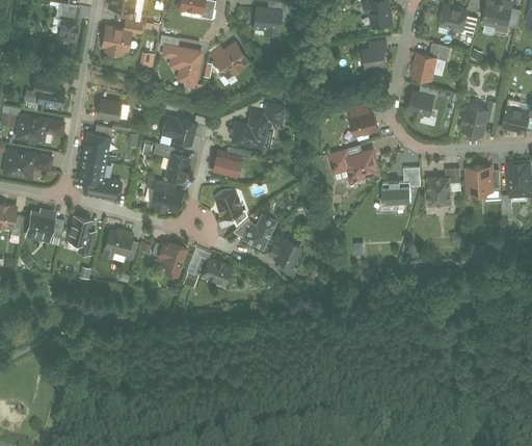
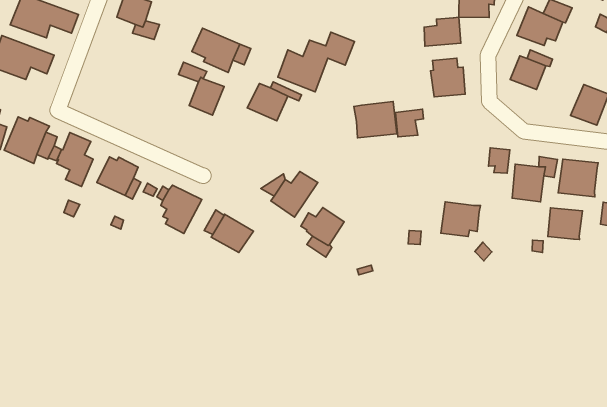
building: none -> [424,17,461,46]
building: [76,133,121,200] -> none
building: [342,148,379,181] -> [354,101,397,138]
building: [145,177,180,212] -> none
building: [382,182,411,209] -> [441,202,480,236]
building: [212,189,242,220] -> none
building: none -> [548,208,582,239]

